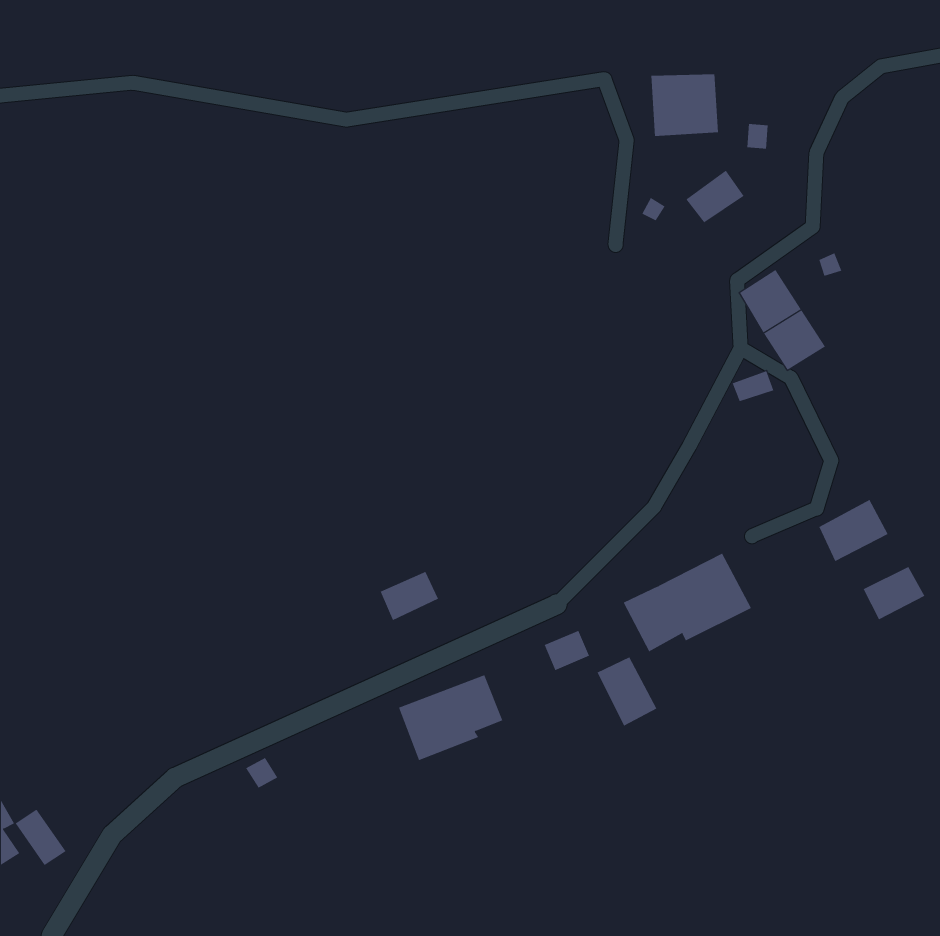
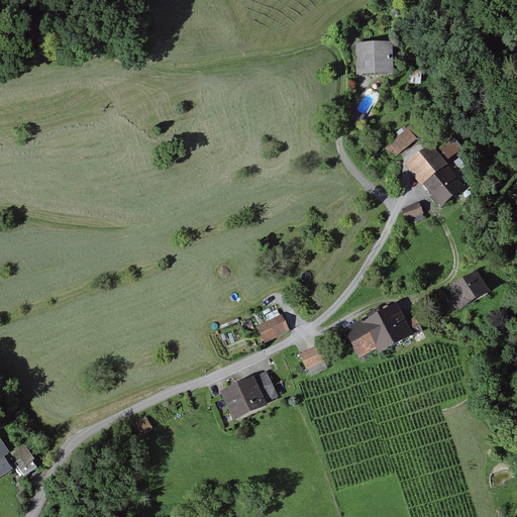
building: [685,170,744,223] -> [386,126,418,156]
building: [863,566,925,620] -> none
building: [380,571,439,621] -> [257,314,290,341]
building: [597,656,657,726] -> none

